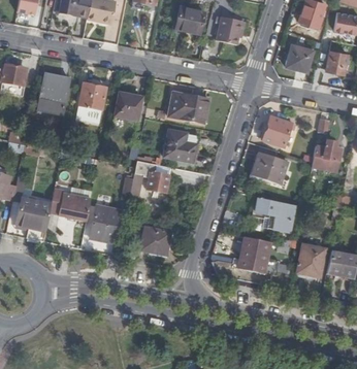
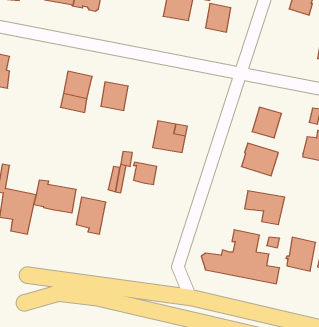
building: [285,43,313,72] -> none
building: [37,74,69,113] -> none
building: [168,93,208,123] -> none
building: [139,226,171,256] -> none

